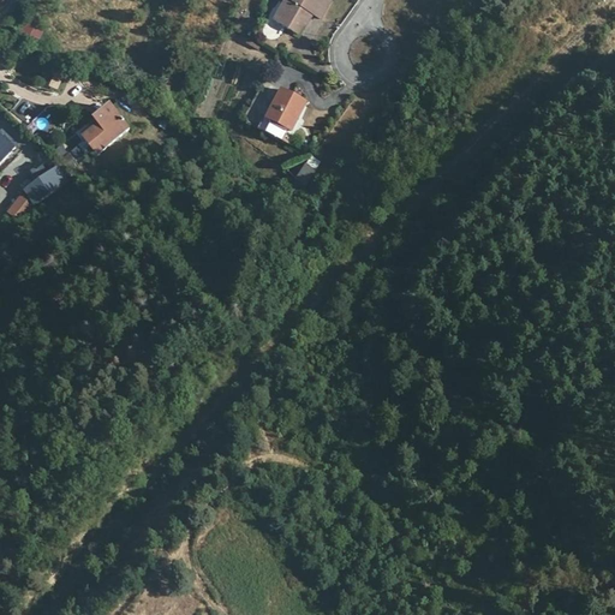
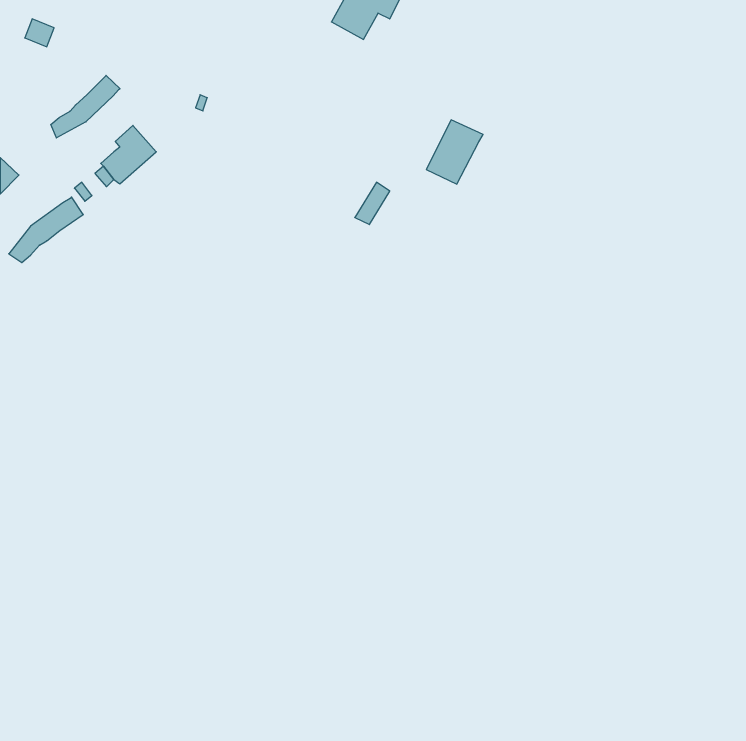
building: none -> [51,75,120,138]
building: [259,86,306,139] -> [426,120,483,184]

